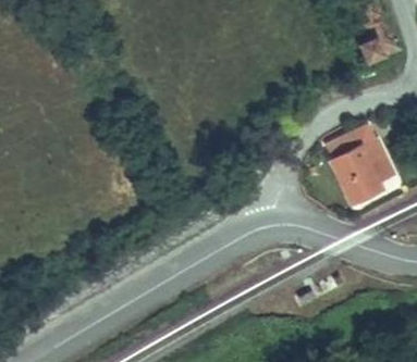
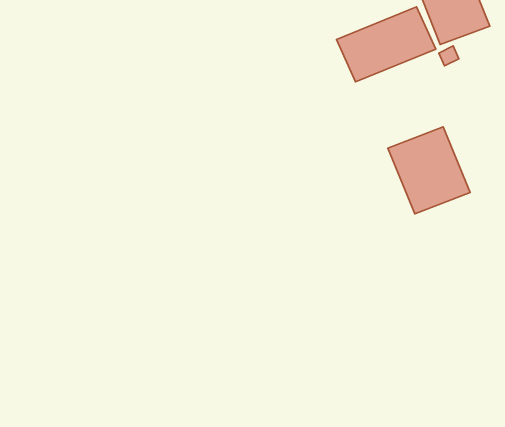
building: none -> [336,7,436,82]

